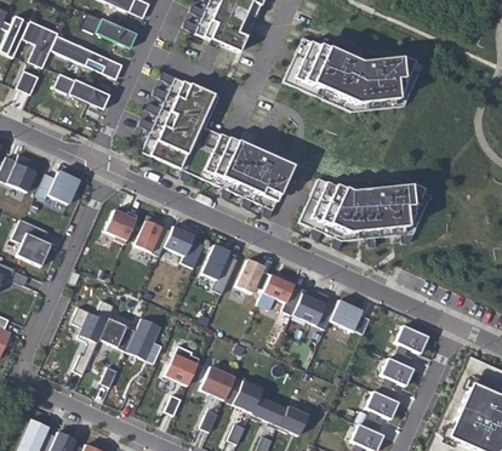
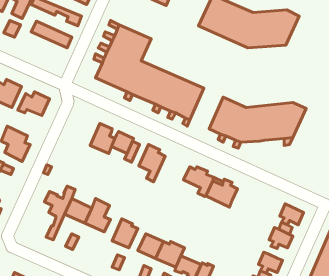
building: [105,209,138,242] -> none
building: [236,258,270,292] -> none
building: [330,298,371,332] -> none

